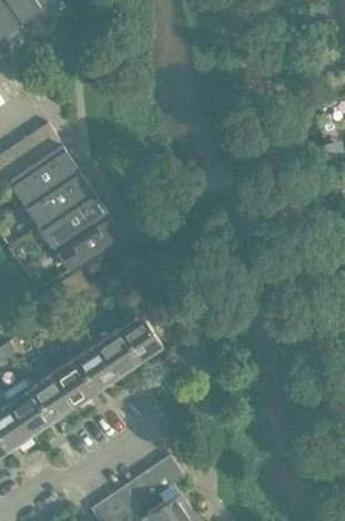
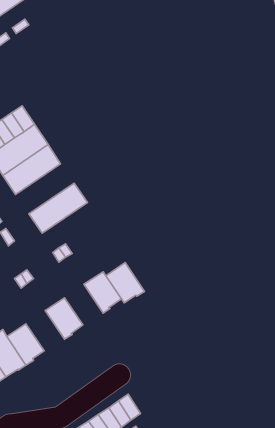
building: [41,190,109,247] -> none
building: [98,328,142,375] -> [106,263,144,303]
building: [53,358,98,405] -> none

